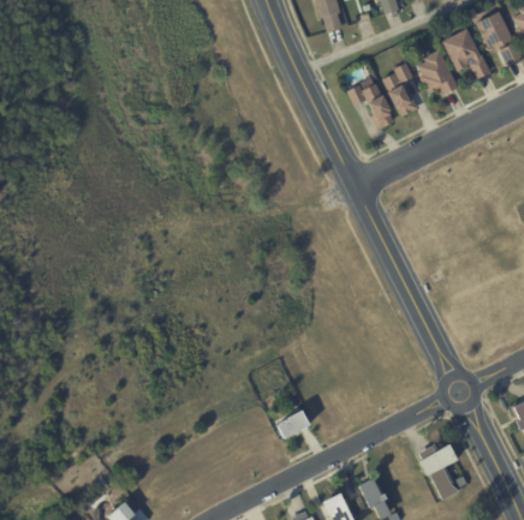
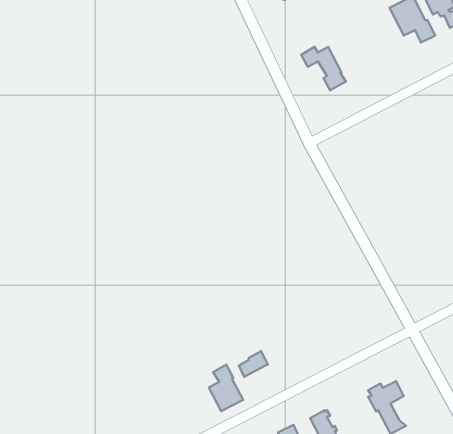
building: [418,50,459,95] -> none
building: [383,64,419,118] -> none
building: none -> [209,365,243,411]

